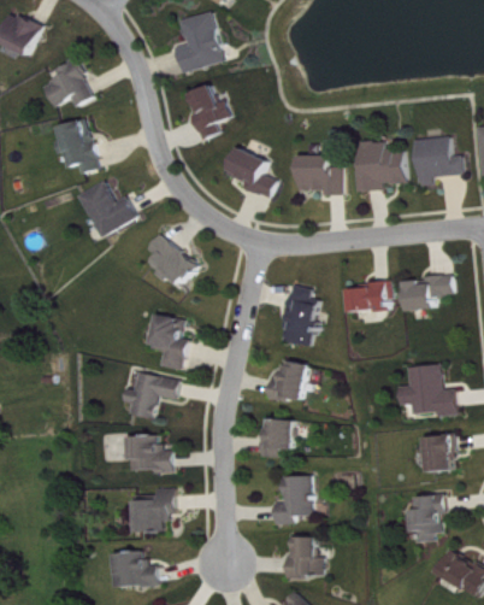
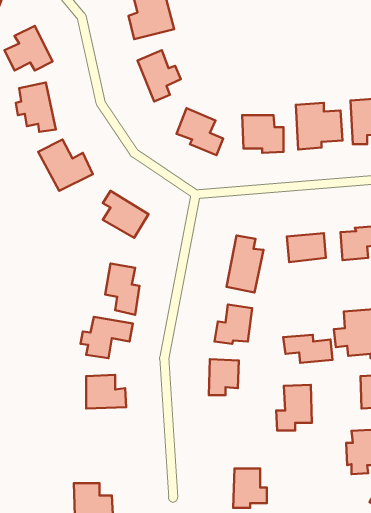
building: none -> [283,335,332,363]
building: [272,475,311,524] -> [276,385,312,431]
building: [132,487,172,533] -> none

